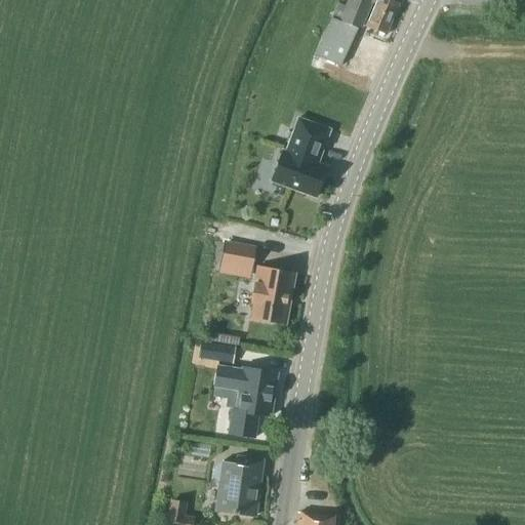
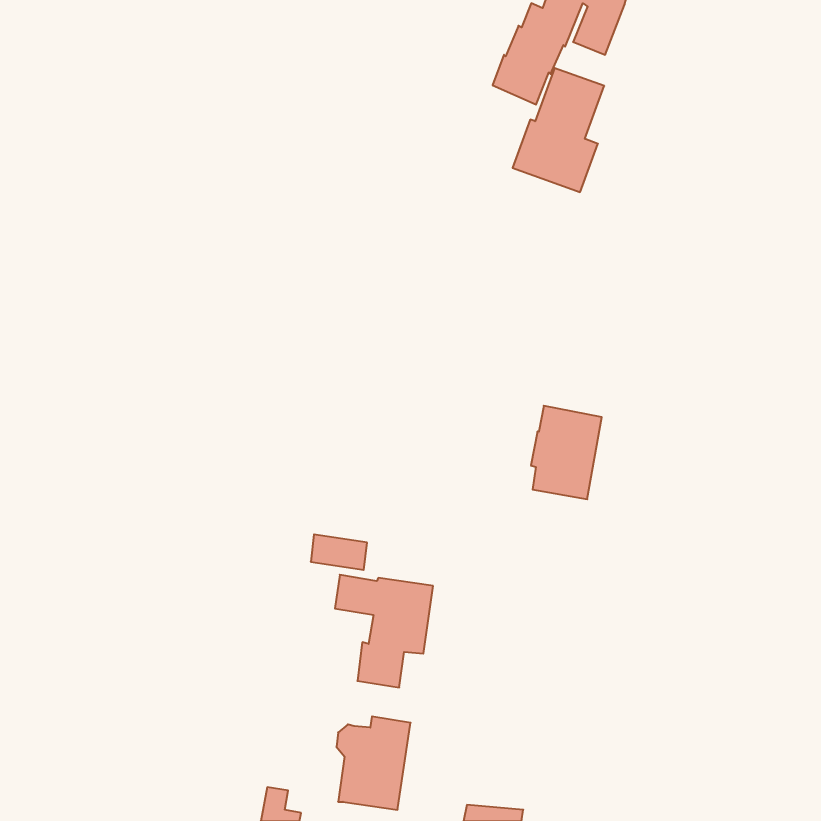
building: [272,118,330,197] -> [513,68,604,192]
building: [218,240,255,268] -> none
building: [250,266,295,325] -> [531,406,602,499]

